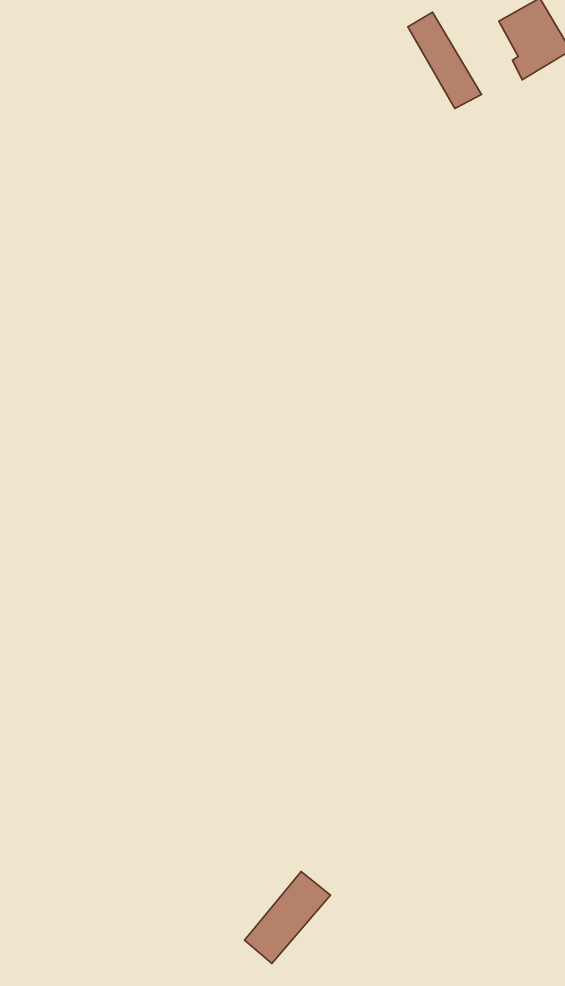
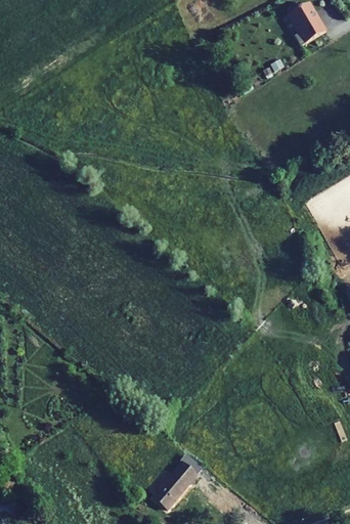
building: [408,12,481,109] -> none

